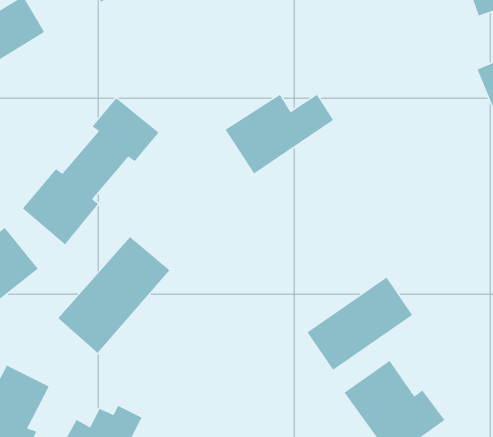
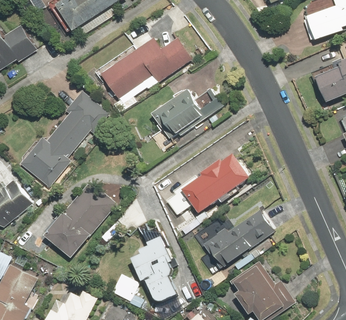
building: none -> [100,37,191,104]
building: none -> [182,154,248,212]
building: none -> [130,236,176,302]

